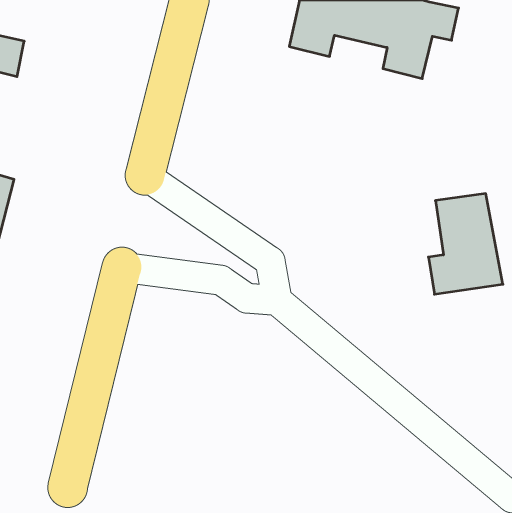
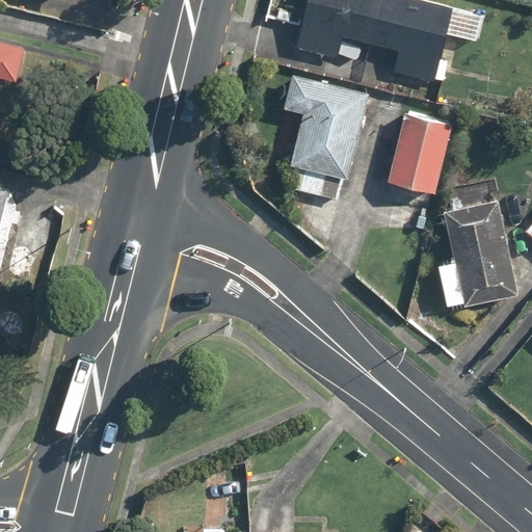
building: none -> [280,73,366,180]
building: none -> [385,111,446,191]

